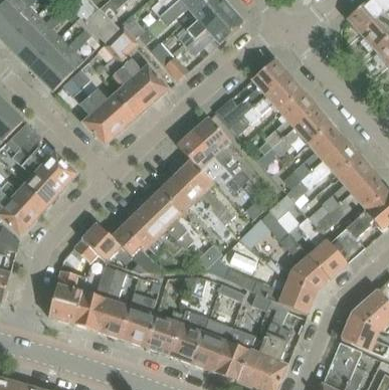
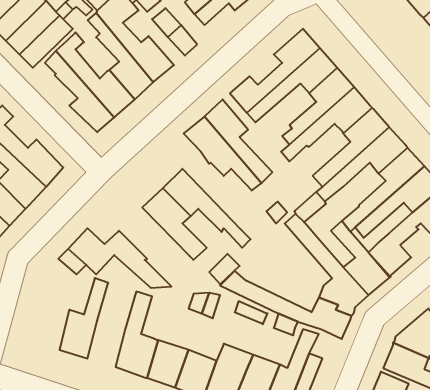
building: [176,160,233,224] -> none
building: [124,206,182,254] -> none
building: [98,268,129,338] -> none
building: [49,269,86,324] -> none

